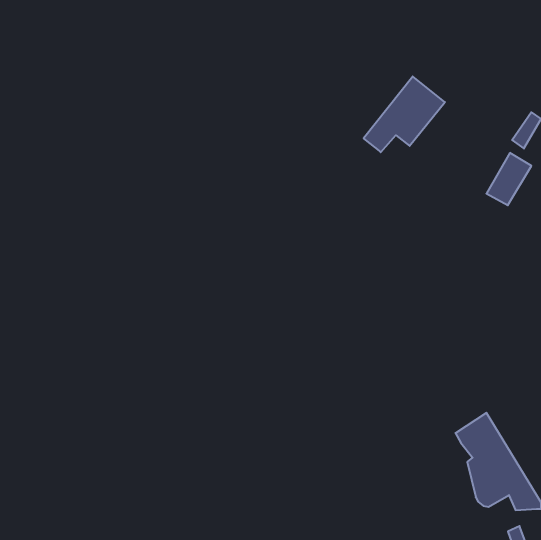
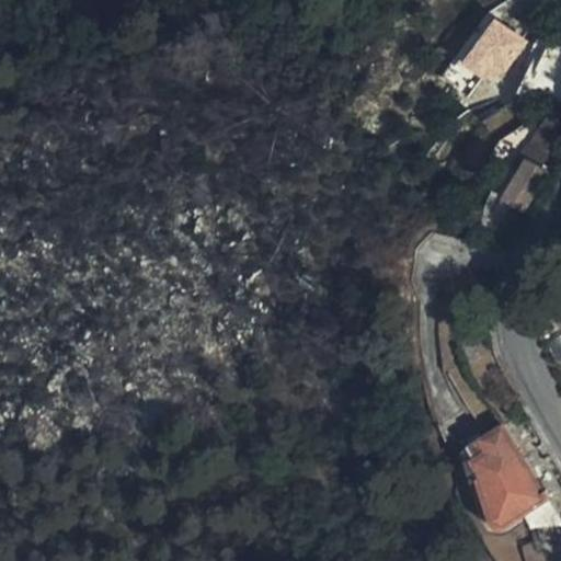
building: [364,76,445,152] -> [442,15,525,93]

